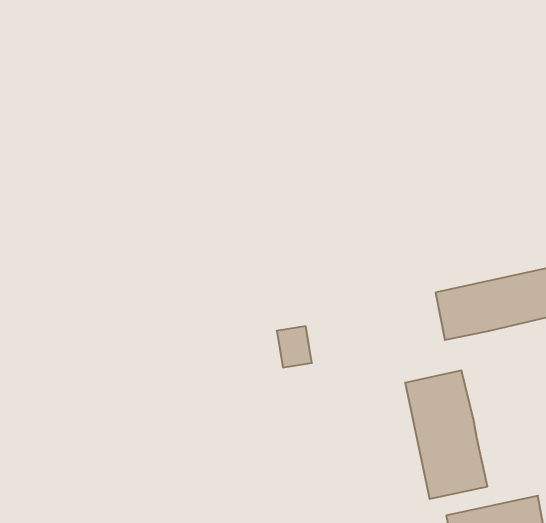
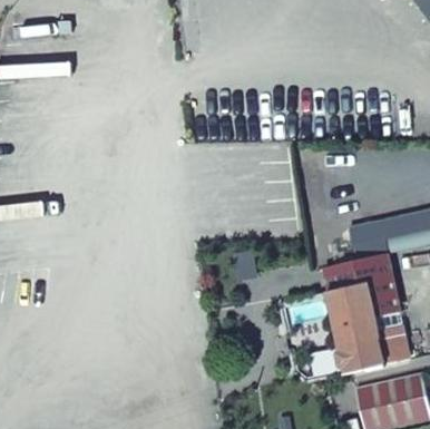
building: none -> [321,253,400,319]
building: none -> [378,325,411,367]

